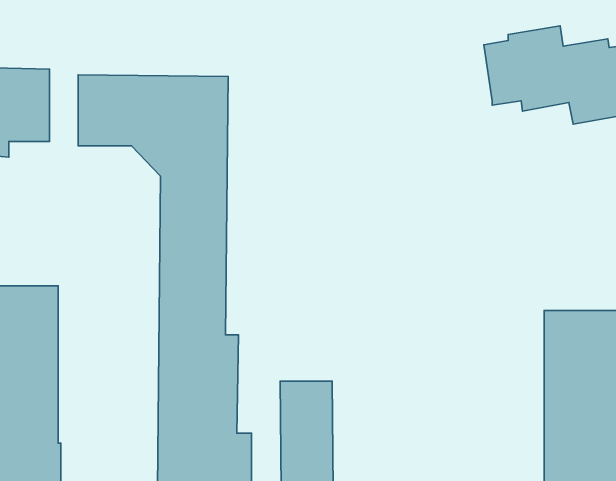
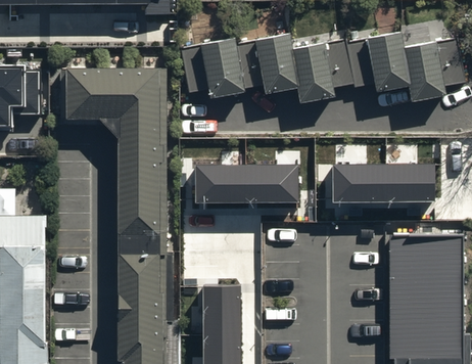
building: none -> [181,35,352,103]
building: none -> [332,163,433,199]
building: none -> [195,164,297,201]

